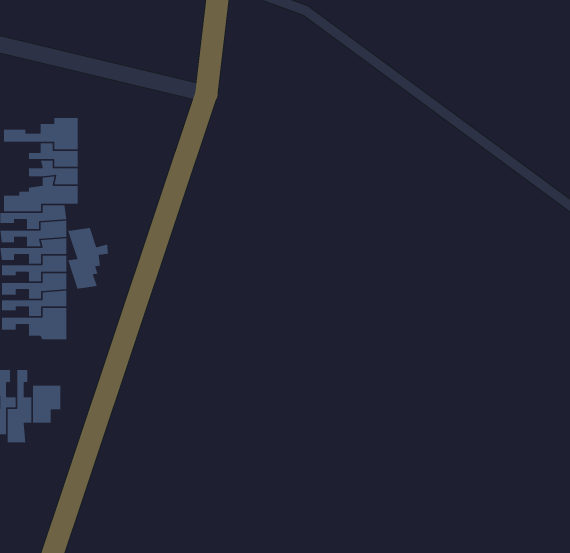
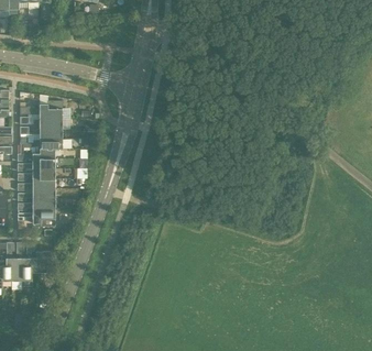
building: [67,227,109,289] -> none

